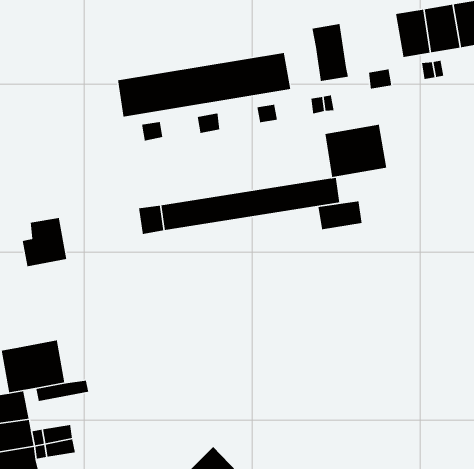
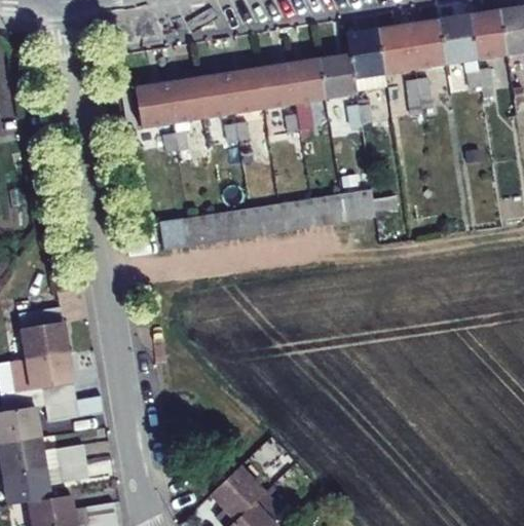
building: none -> [314,52,353,98]
building: [325,124,387,178] -> [374,16,441,74]
building: [318,200,363,230] -> none
building: [22,217,67,267] -> [24,320,72,373]

